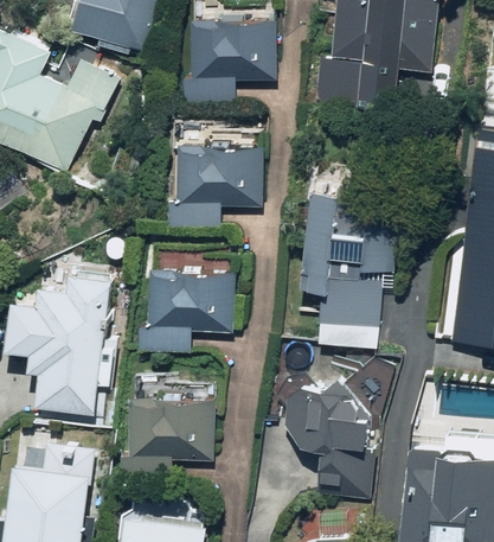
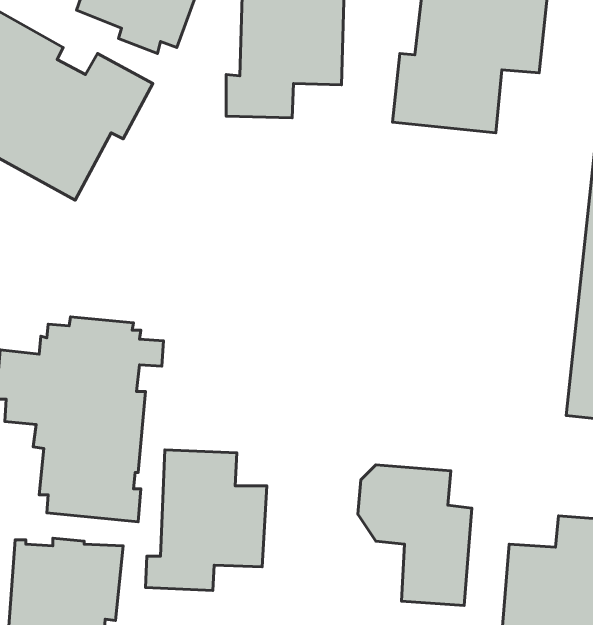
building: [166,122,259,229] -> none
building: [301,189,403,351] -> none
building: [137,243,232,356] -> none

